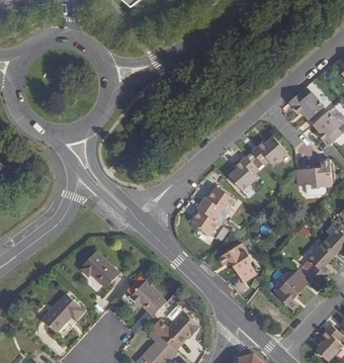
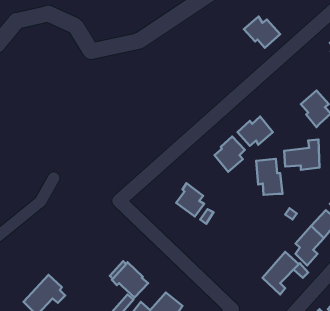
building: [288,90,324,120] -> [244,17,280,48]
building: none -> [256,159,282,195]
building: [201,186,235,214] -> none
building: [218,244,255,282] -> none
building: [79,249,118,286] -> none

